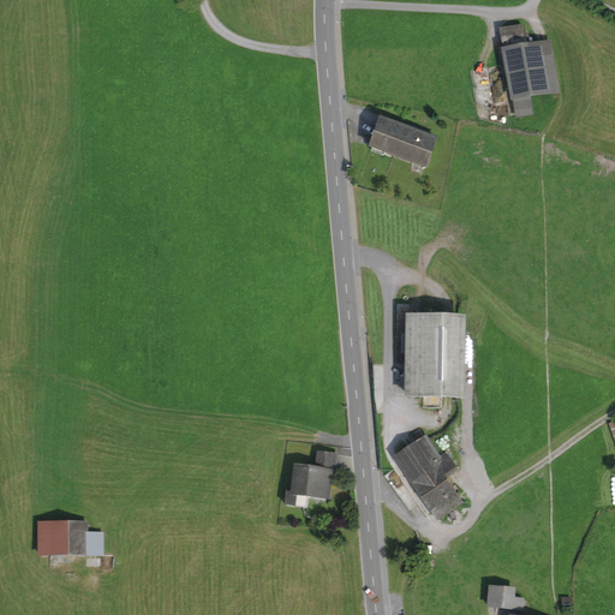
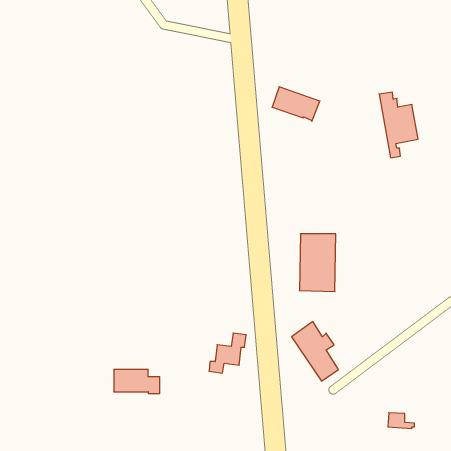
building: [501,25,554,114] -> [379,92,418,158]
building: [37,521,100,554] -> [114,370,160,394]
building: [486,585,523,607] -> [388,413,414,429]

